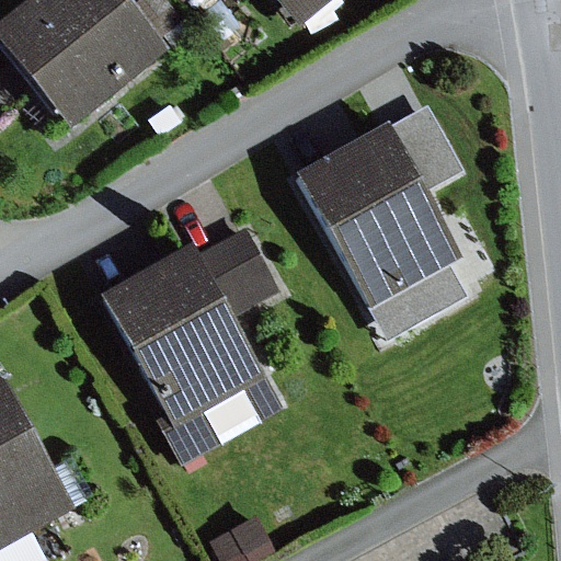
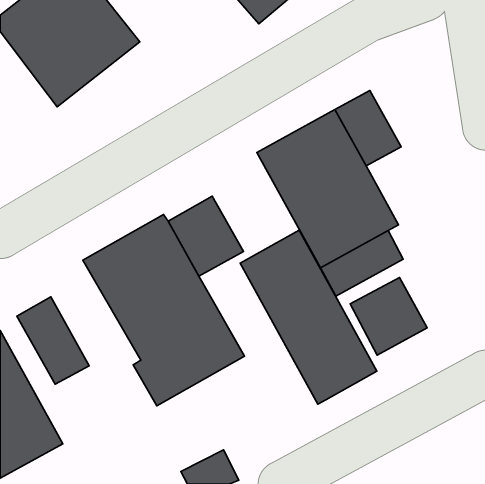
building: none -> [240,230,377,404]
building: none -> [350,277,427,355]
building: none -> [17,297,89,384]

